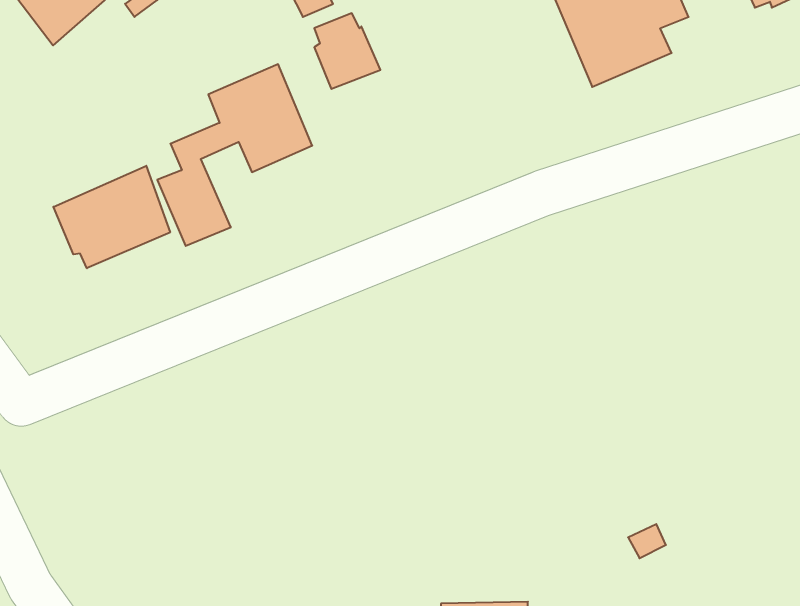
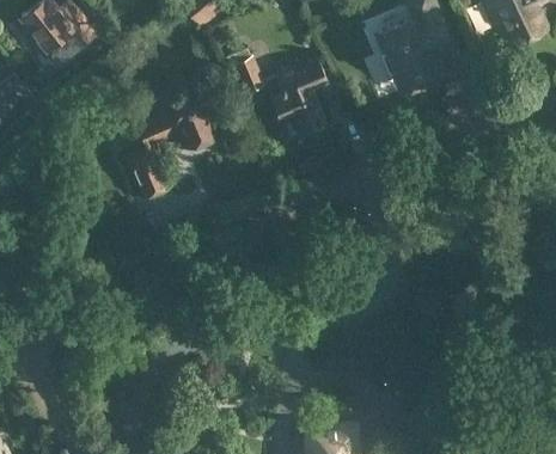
building: none -> [267,61,328,141]
building: [53,166,170,268] -> none

